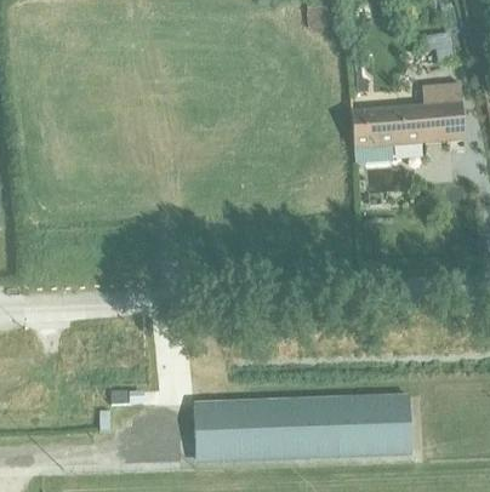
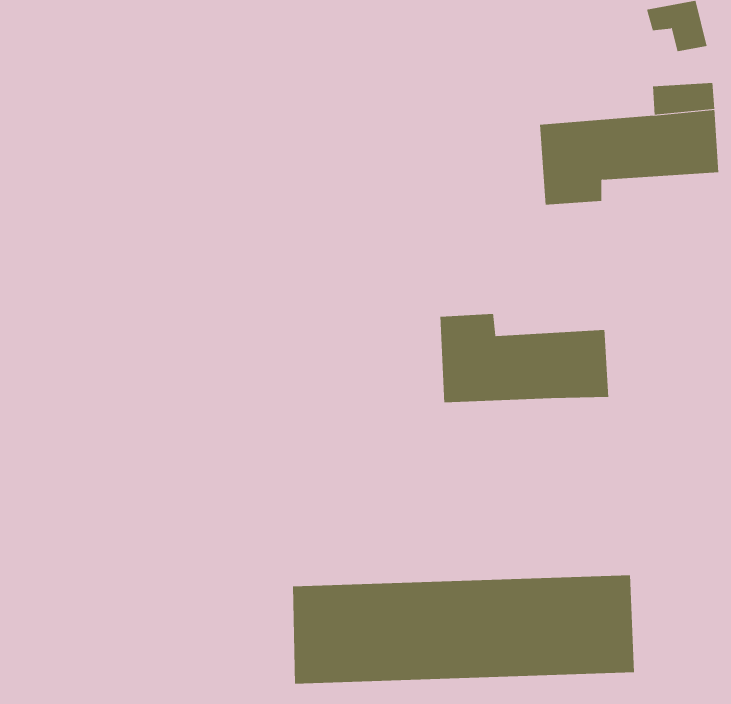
building: none -> [440,313,609,403]

